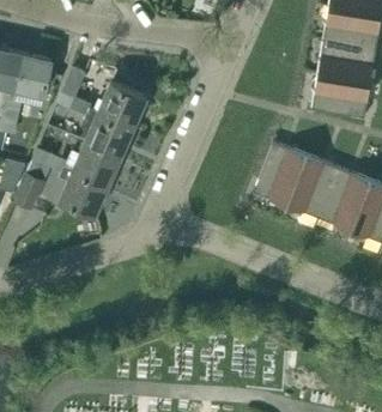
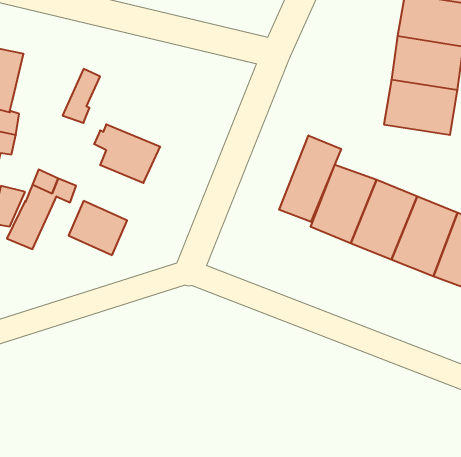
building: [17,55,53,97] -> none
building: [73,84,147,129] -> none
building: none -> [279,135,341,222]
building: [73,144,121,188] -> none

